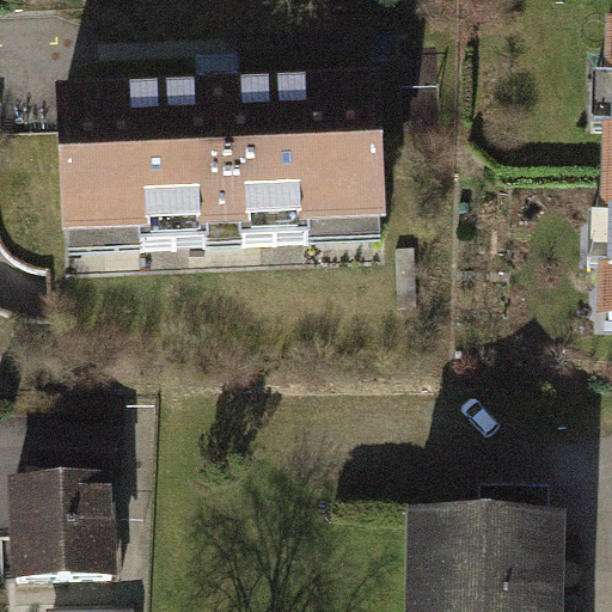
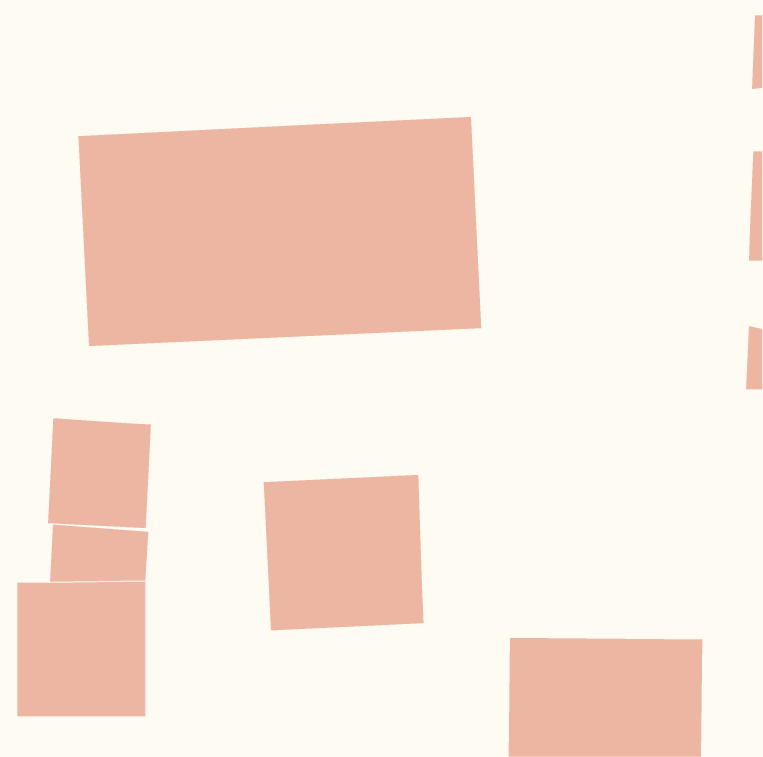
building: none -> [48,418,152,529]
building: none -> [263,474,424,631]

